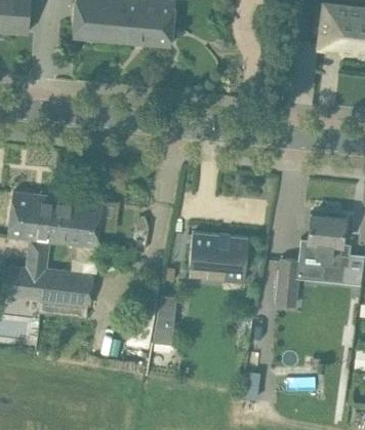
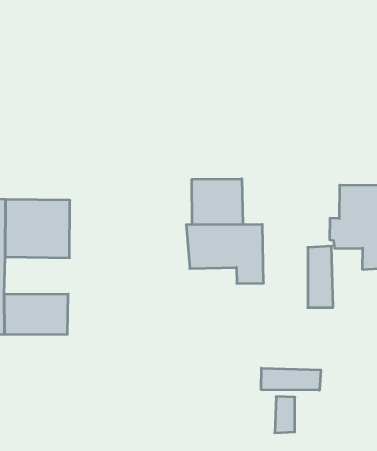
building: none -> [192,179,243,225]
building: [155,297,176,330] -> none
building: none -> [261,368,321,390]

